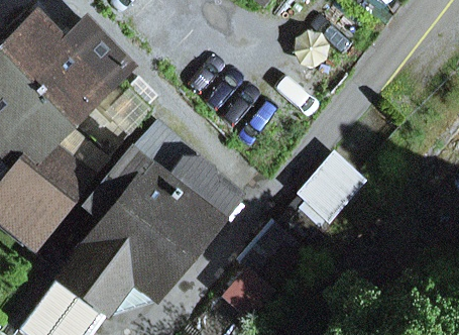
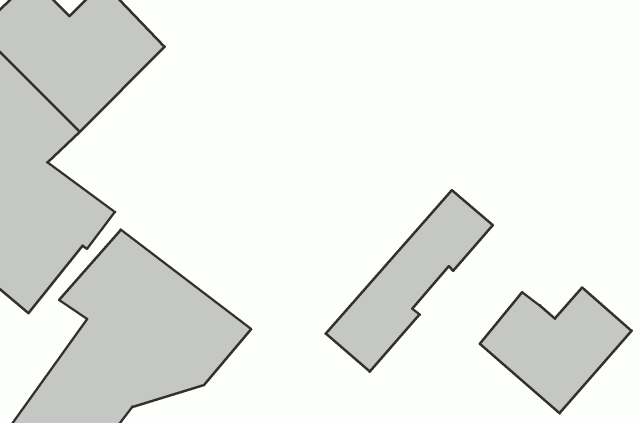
building: [99,123,243,260] -> none
building: none -> [480,288,632,413]

